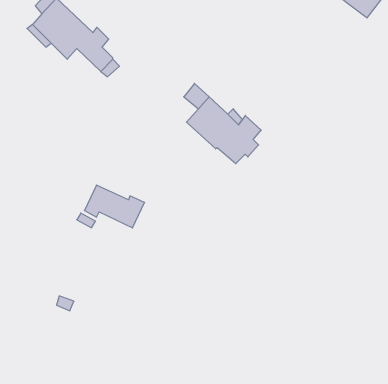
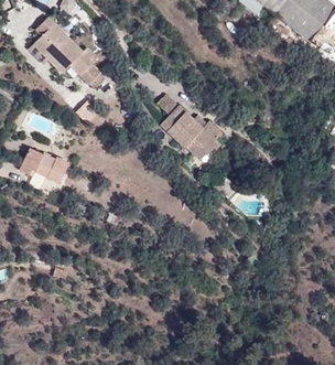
building: [84,185,145,228] -> [19,148,68,183]

